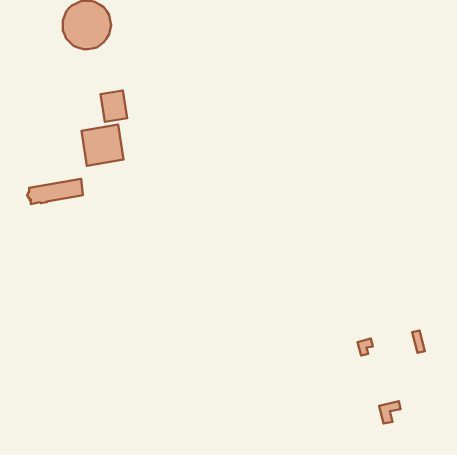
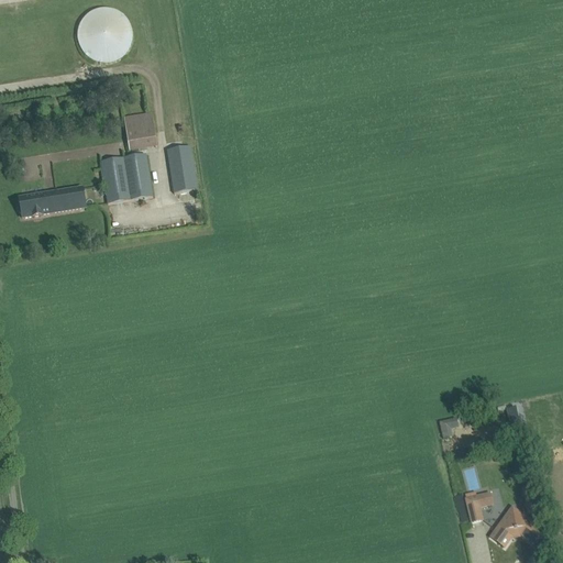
building: none -> [167,145,197,192]
building: [27,179,83,204] -> [16,186,85,217]
building: none -> [490,507,541,545]

